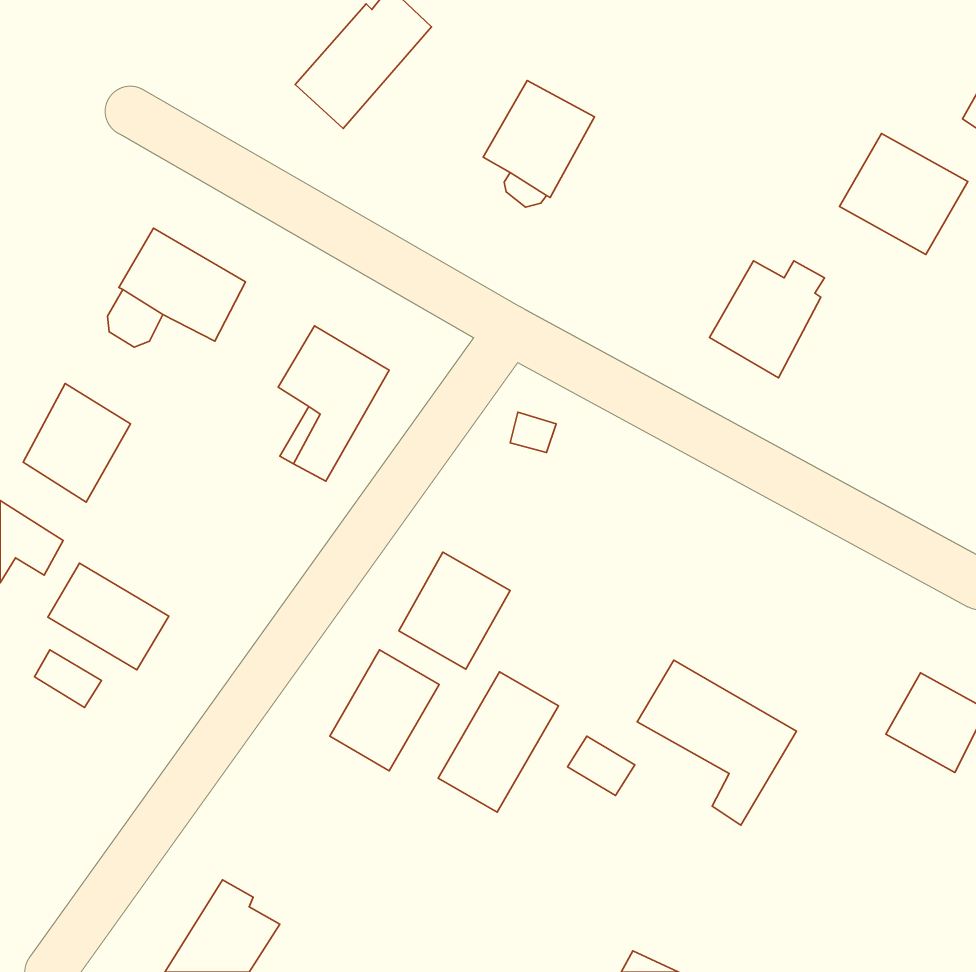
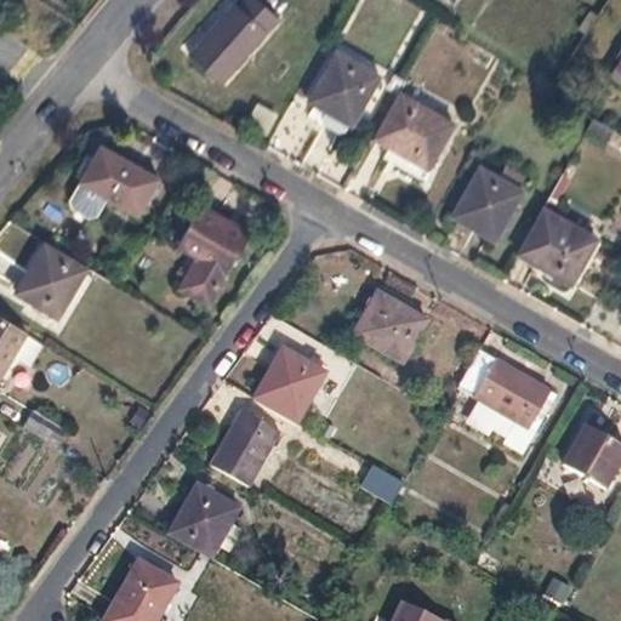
building: [839,134,968,254] -> [515,206,597,283]
building: none -> [374,91,451,167]
building: none -> [354,292,427,363]
building: [48,563,169,670] -> none
building: [637,660,796,825] -> [457,349,558,454]
building: [438,672,559,812] -> none
building: none -> [170,484,241,559]

